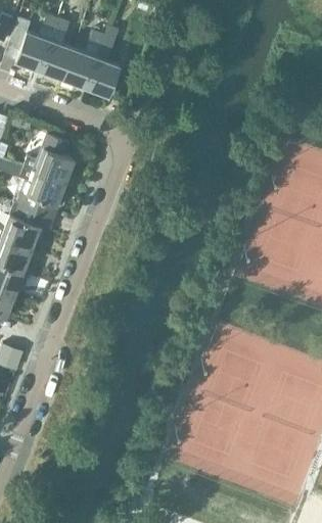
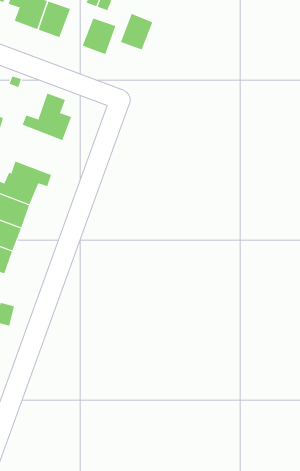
building: [62,48,96,86] -> [120,13,153,50]
building: [16,167,67,218] -> none

